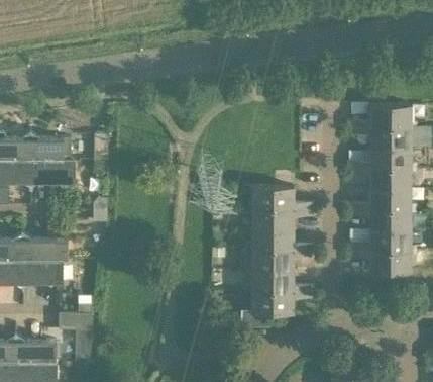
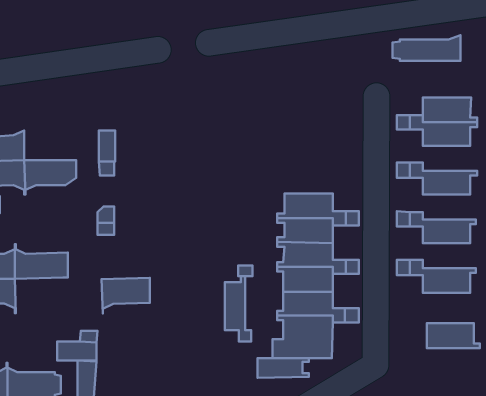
building: none -> [392,35,461,61]
building: [30,130,71,160] -> none
building: [370,148,417,169] -> none
building: [370,189,416,210] -> none
building: [370,230,416,252] -> [427,323,480,348]
building: none -> [225,276,251,341]
building: [22,260,64,290] -> [101,278,150,313]
building: none -> [257,358,309,378]

